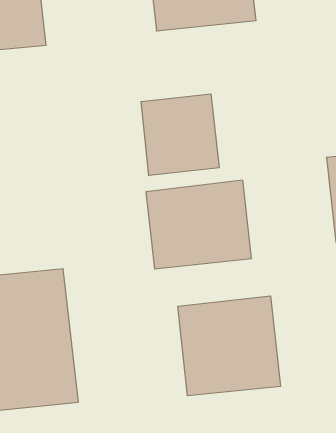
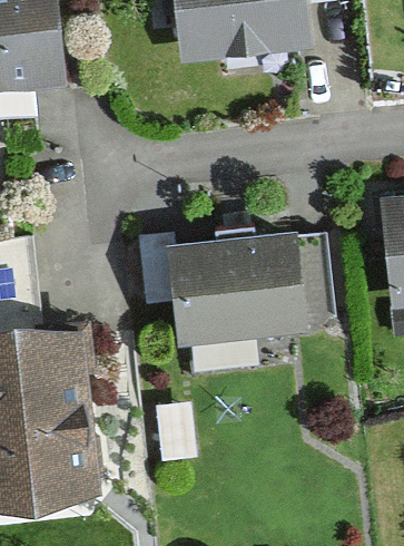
building: [141,94,219,176] -> none
building: [178,296,280,396] -> none

